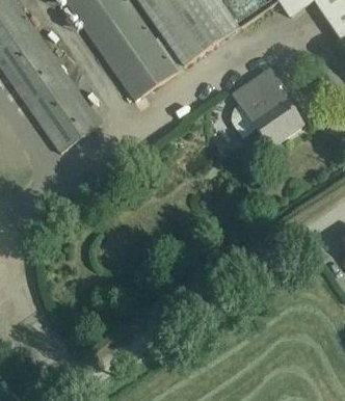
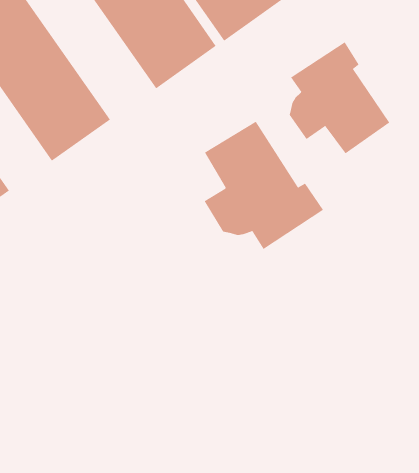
building: none -> [204,121,324,250]

